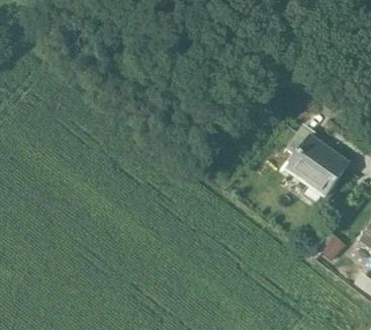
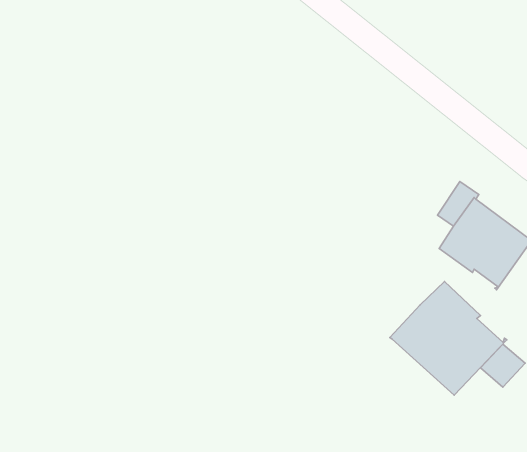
building: none -> [390,282,507,395]

